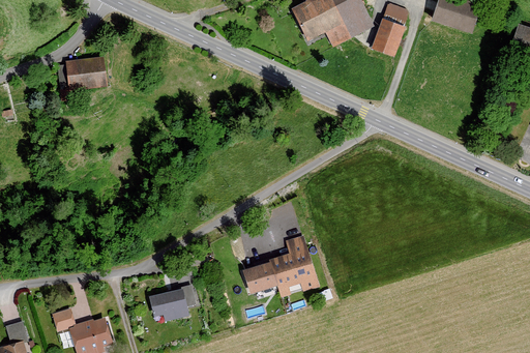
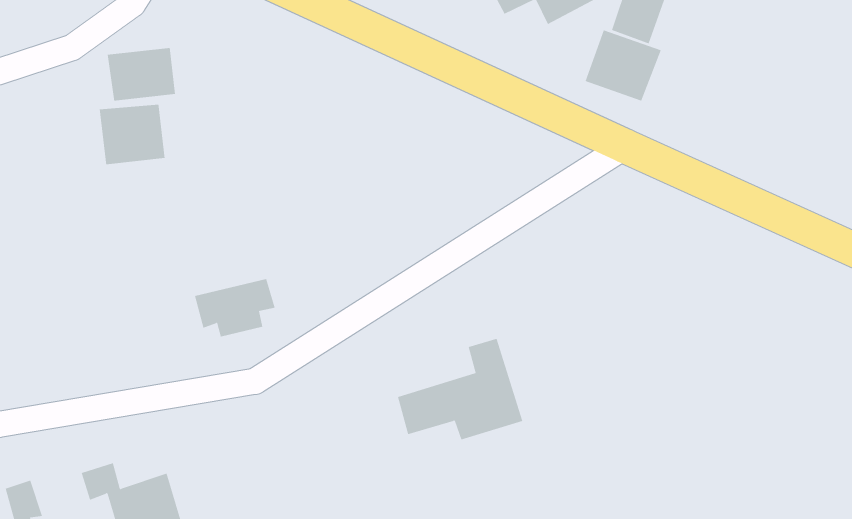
building: none -> [585,30,662,102]
building: none -> [99,104,165,165]
building: [147,285,196,320] -> [194,278,275,337]

